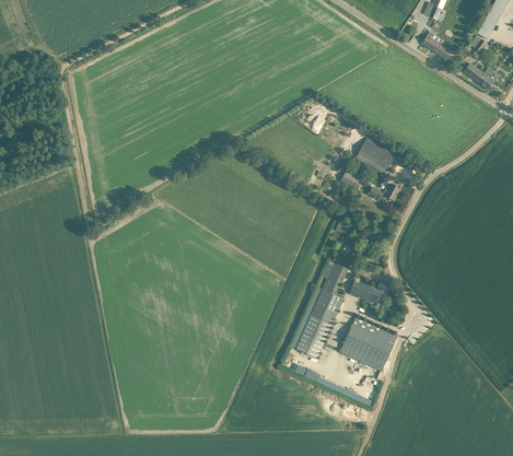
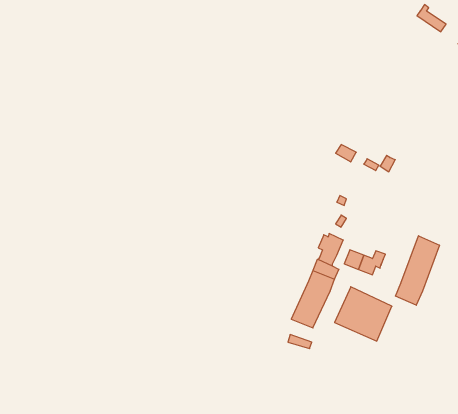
building: [354,139,397,174] -> none
building: none -> [395,236,439,305]

